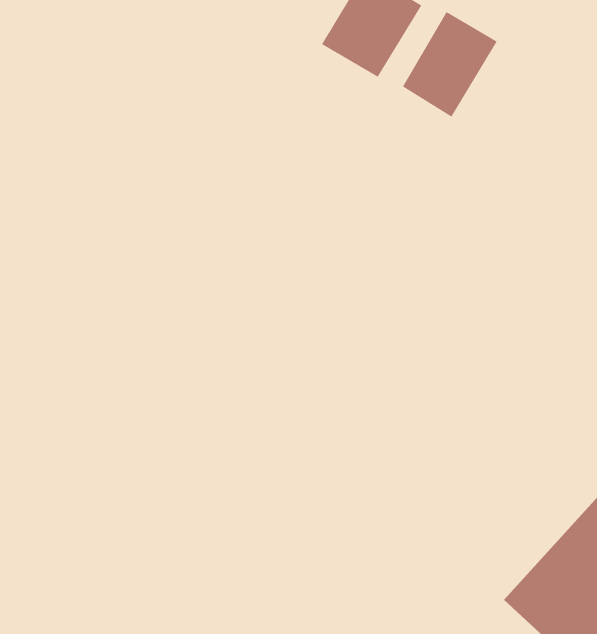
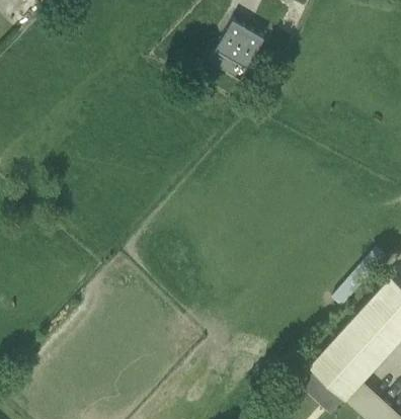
building: [402,11,498,118] -> none

